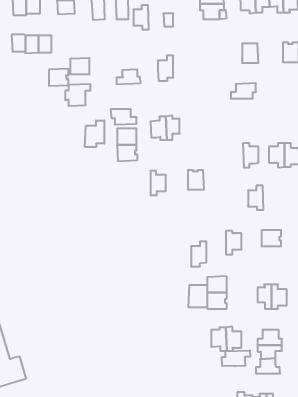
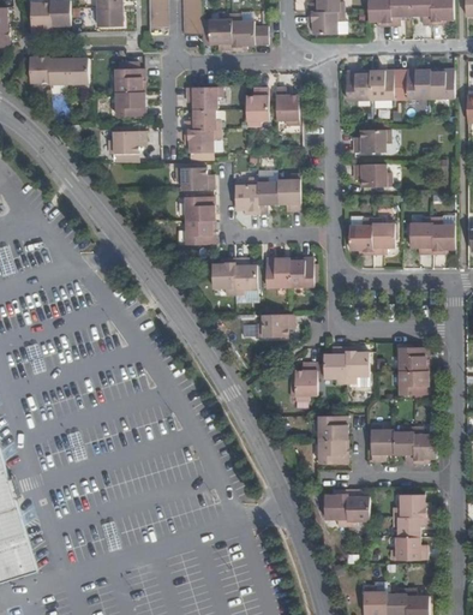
building: none -> [230,13,255,49]
building: none -> [406,68,430,98]
building: none -> [346,70,370,100]
building: none -> [186,85,221,109]
building: none -> [275,88,299,125]
building: [49,69,68,86] -> [115,67,144,92]
building: none -> [184,129,220,151]
building: none -> [354,163,391,186]
building: none -> [277,173,300,208]
building: [85,120,104,147] -> none
building: none -> [265,257,289,287]
building: none -> [211,258,234,294]
building: [248,186,263,210] -> [349,217,372,253]
building: none -> [256,314,293,336]
building: none -> [323,347,346,382]
building: none -> [399,370,427,394]
building: none -> [370,424,393,460]
building: [189,285,207,307] -> none
building: [222,350,250,366] -> none

